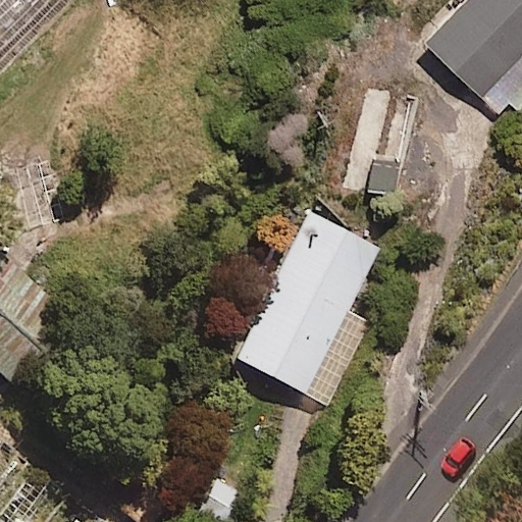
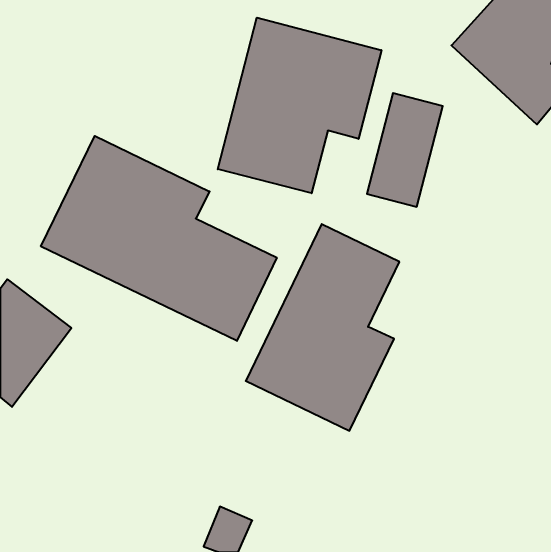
building: none -> [218,18,381,193]
building: none -> [41,136,277,341]

